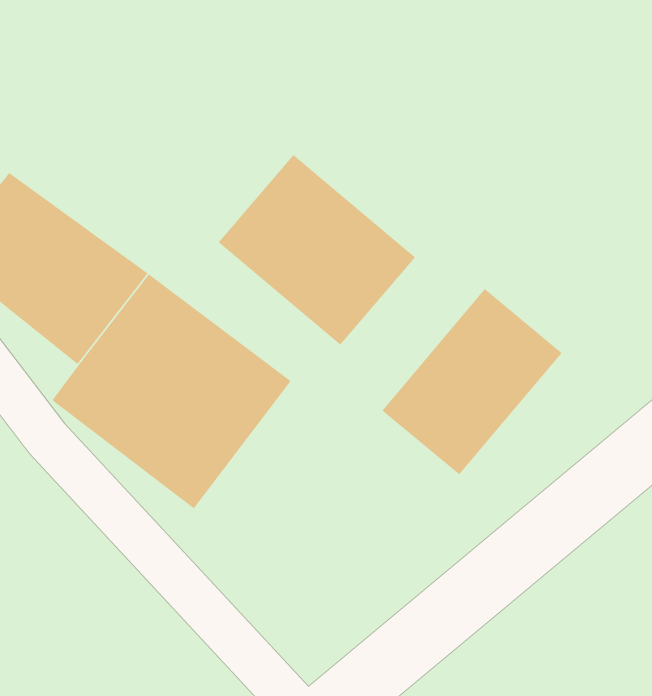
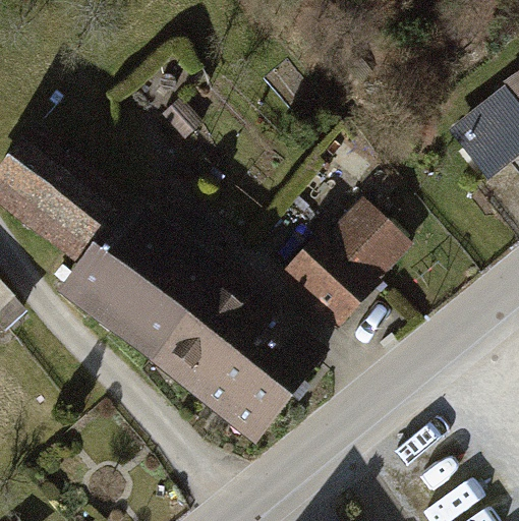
building: [218,154,416,346] -> none
building: none -> [151,273,322,440]

